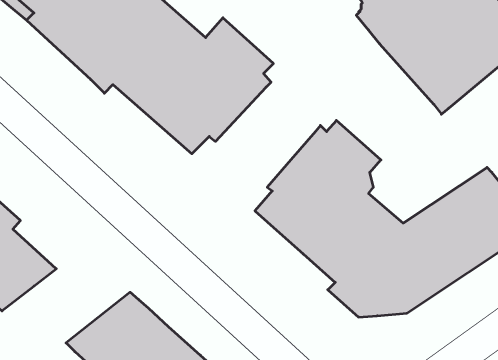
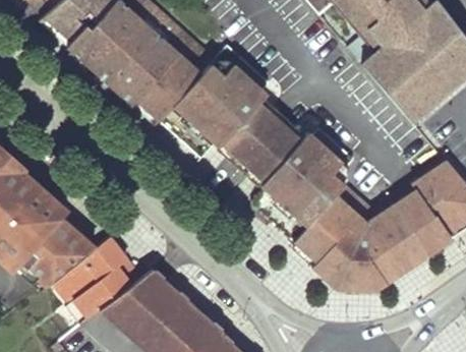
building: none -> [223,100,306,183]
building: none -> [59,238,129,317]

